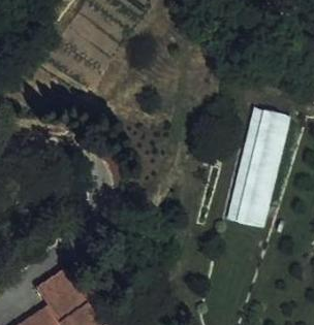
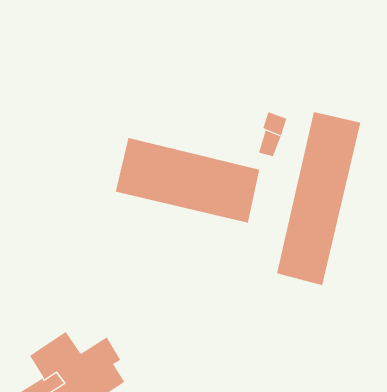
building: none -> [115,137,260,223]

